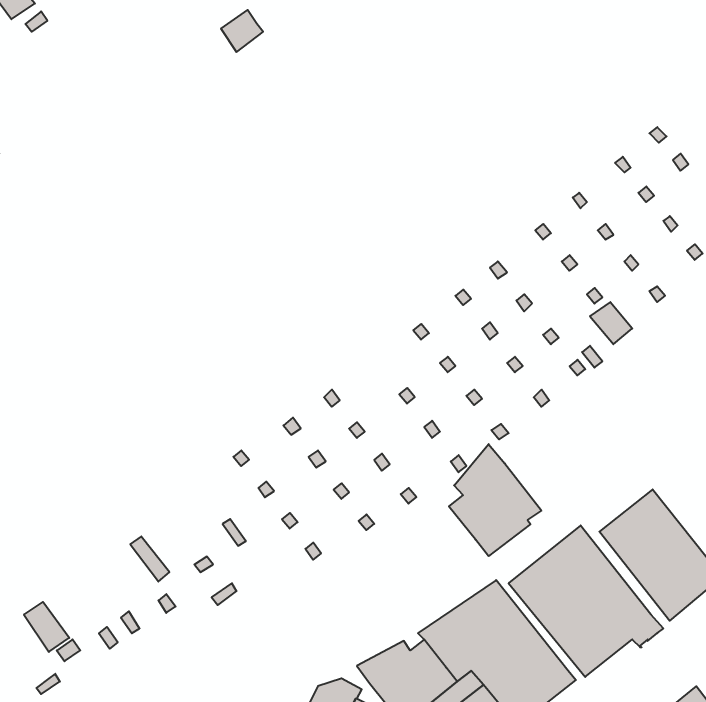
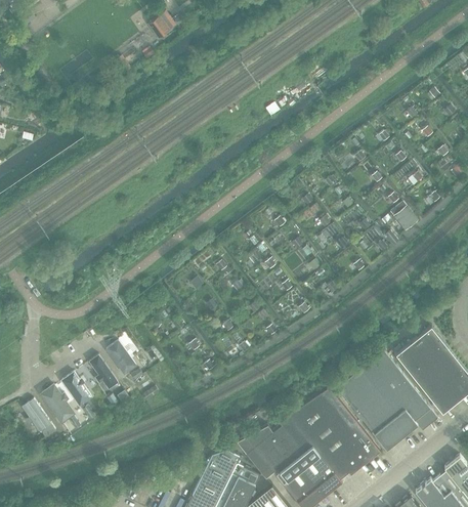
building: [449,444,541,556] -> none
building: none -> [104,343,134,376]
building: none -> [60,374,90,408]
building: none -> [40,386,72,423]

